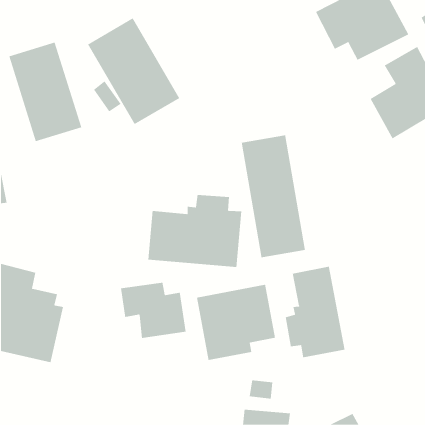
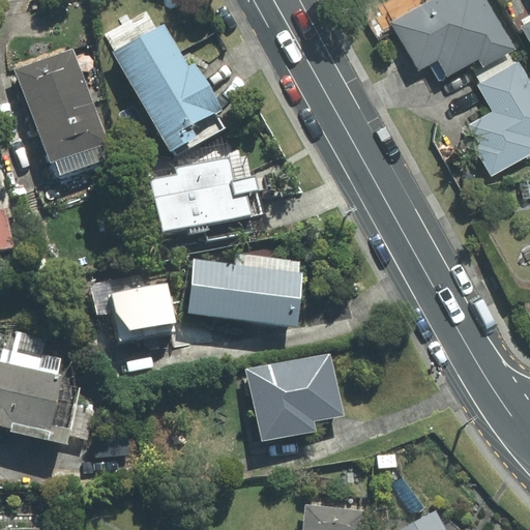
building: none -> [152,150,260,232]
building: [241,135,306,258] -> none
building: [285,266,345,358] -> none
building: [120,282,186,338] -> [91,272,173,342]

